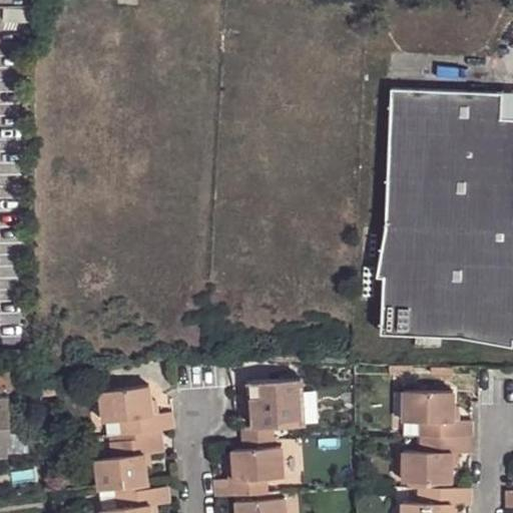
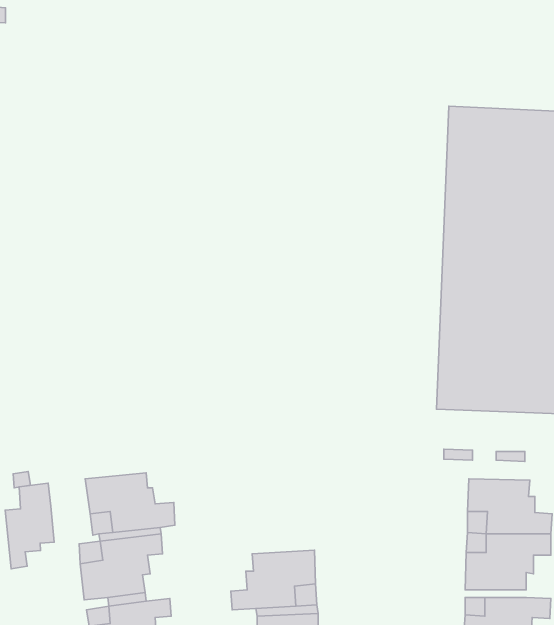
building: [242,382,304,444] -> none
building: none -> [5,483,54,569]

